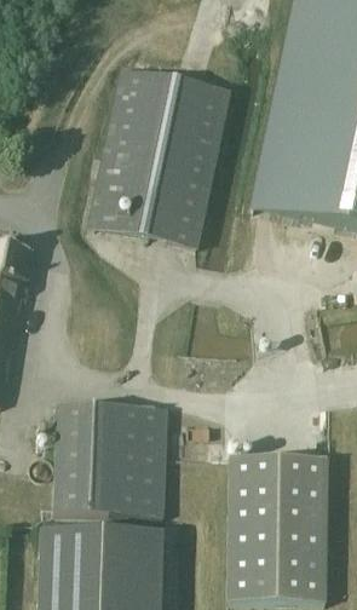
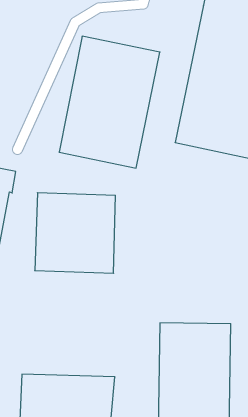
building: [56,403,166,513] -> [35,193,115,273]

